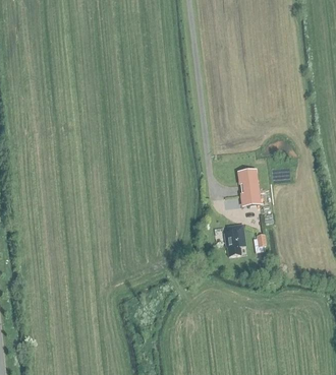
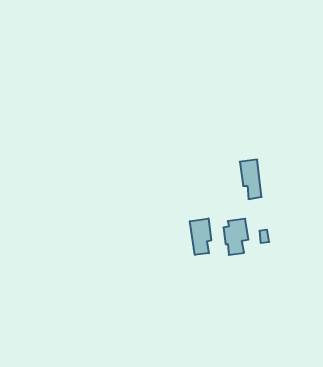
building: none -> [190,218,211,255]

